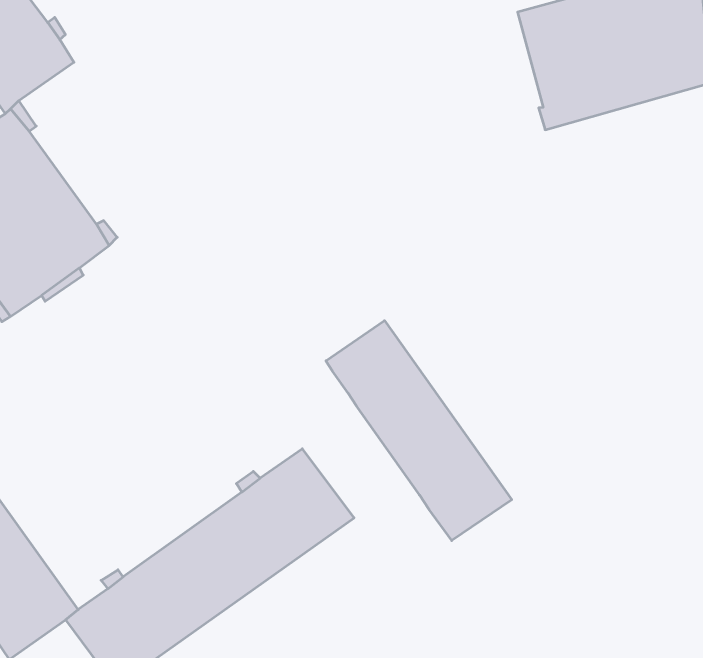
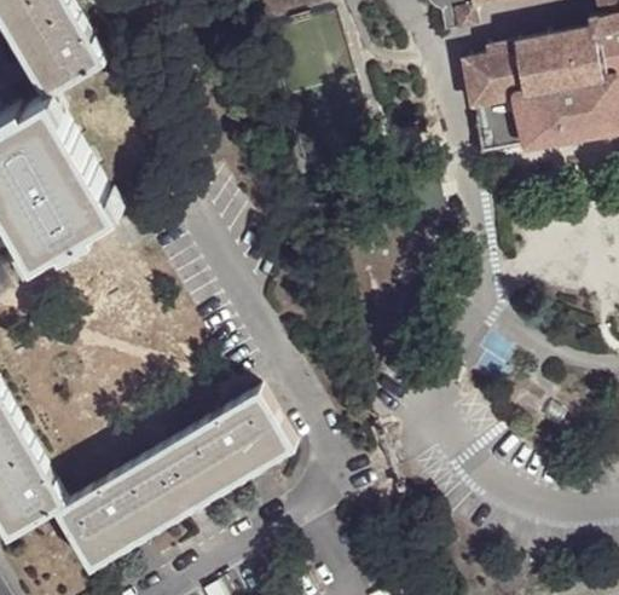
building: [326,321,512,541] -> none

